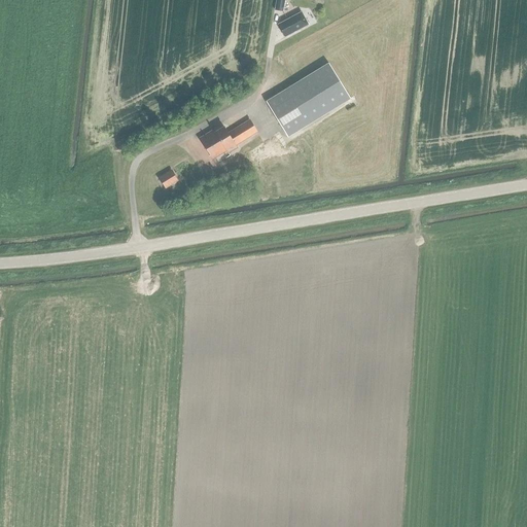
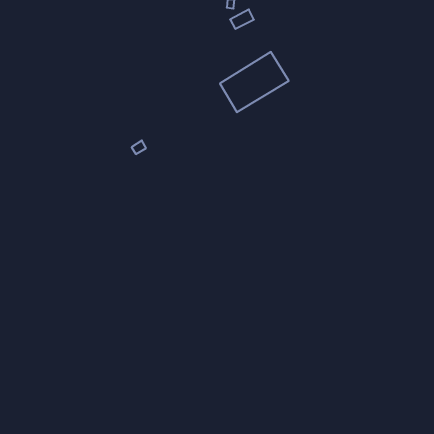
building: [201,119,256,157] -> none

